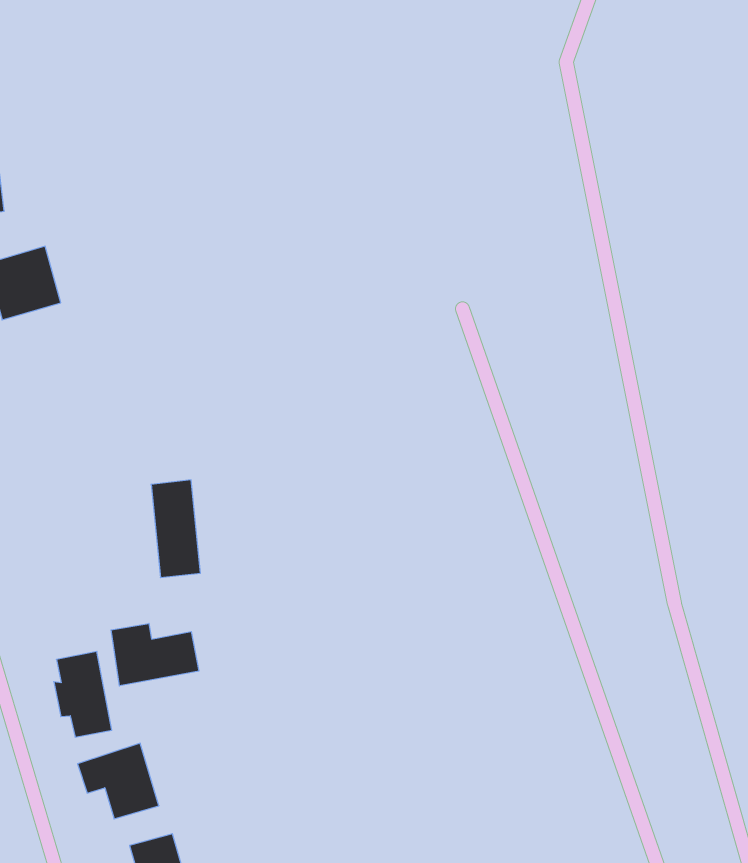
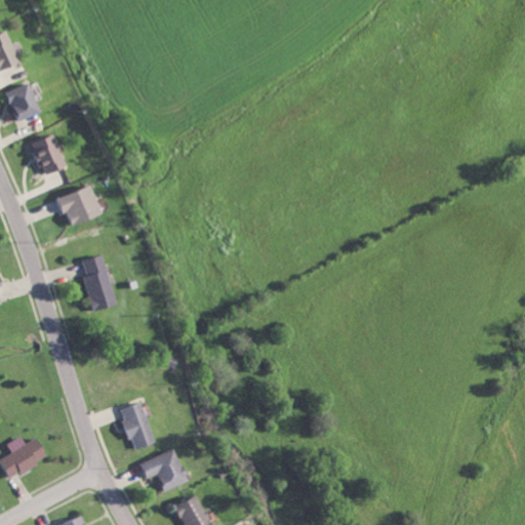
building: [151,480,200,578] -> [81,255,114,311]
building: [111,623,199,686] -> none

